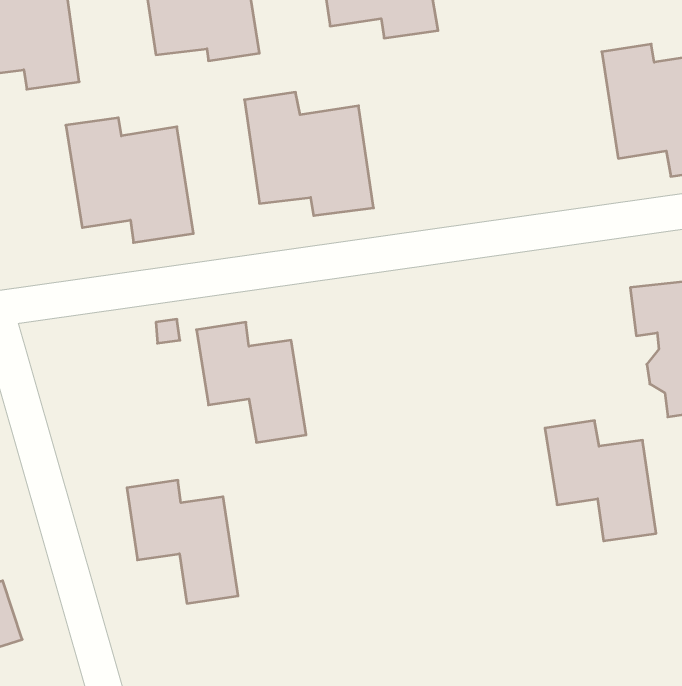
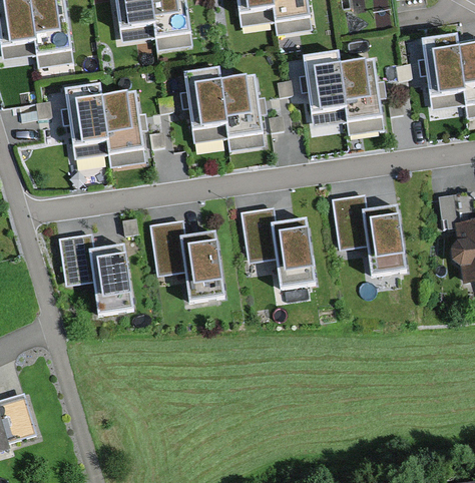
building: none -> [303,52,387,133]
building: none -> [240,206,316,290]
building: [545,421,656,541] -> [332,194,406,275]
building: [127,480,238,603] -> [58,234,132,317]

